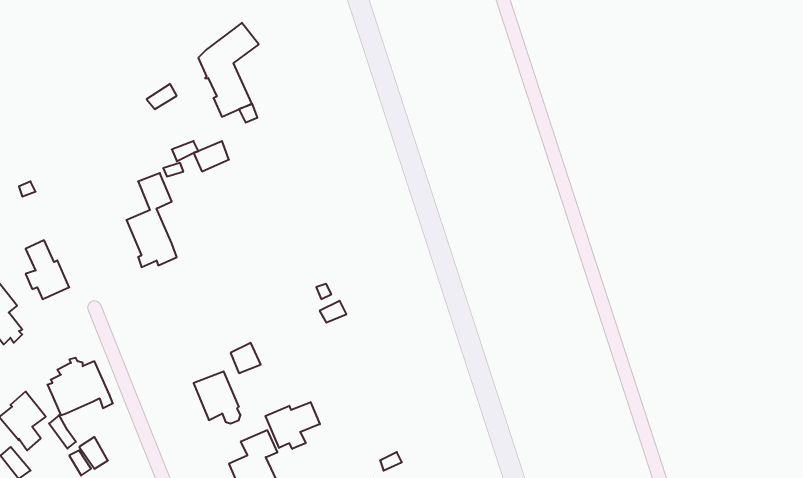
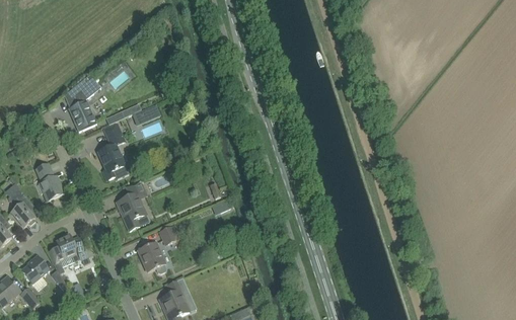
building: [198,23,259,117] -> [64,74,100,131]
building: none -> [117,179,147,230]
building: [265,402,320,449] -> none

